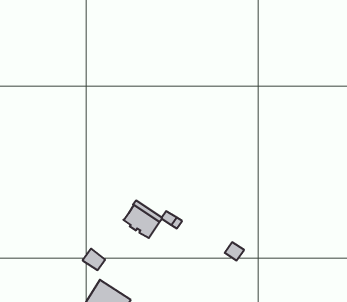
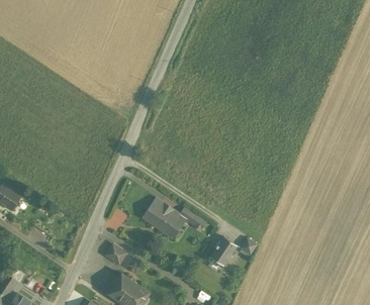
building: none -> [209,237,237,267]

